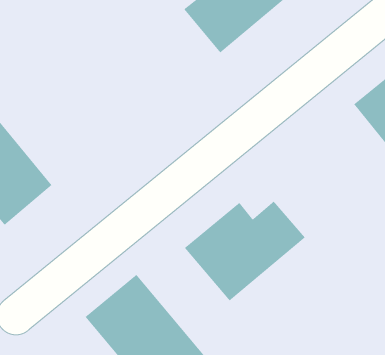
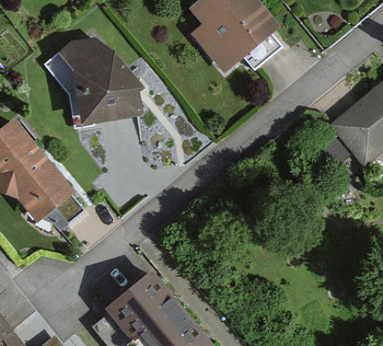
building: none -> [62,53,148,123]
building: [184,200,306,302] -> none

